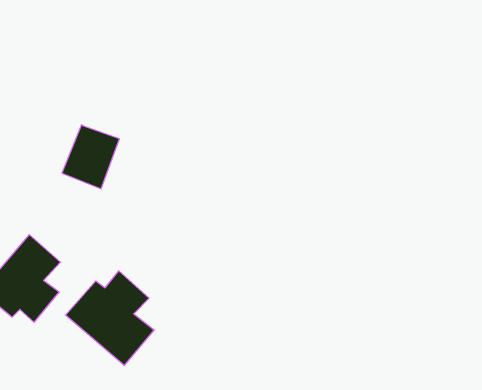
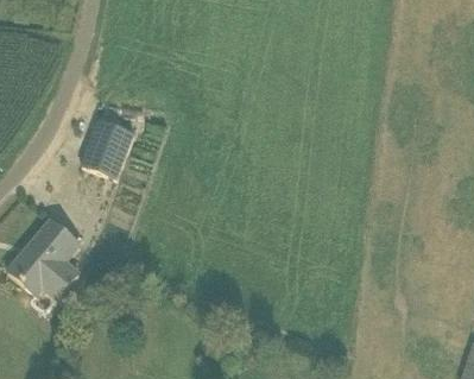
building: [65,271,154,366] -> none

